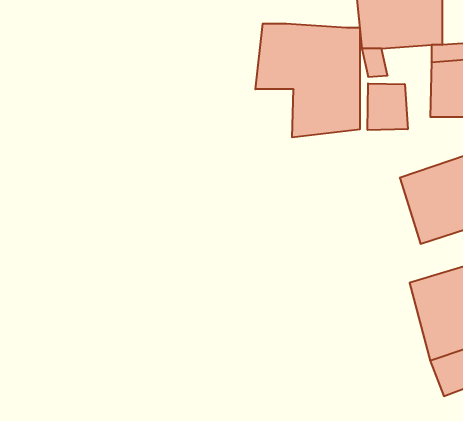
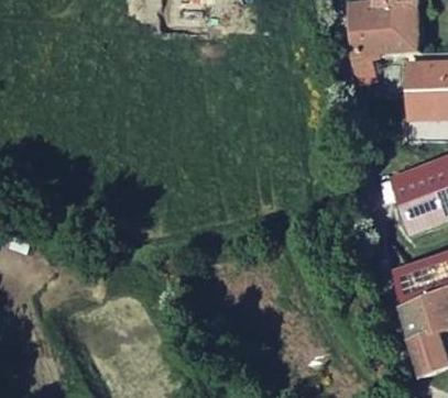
building: [255,24,360,137] -> none
building: [368,83,408,130] -> none

